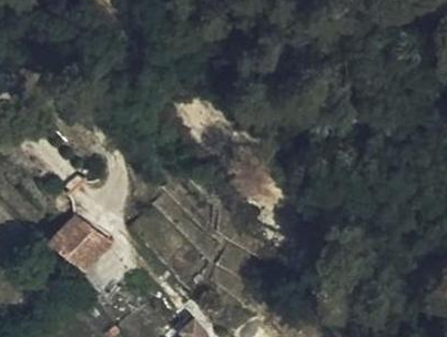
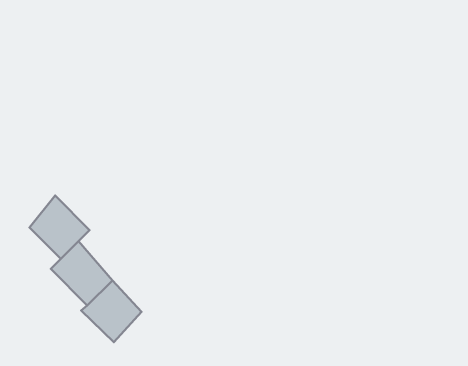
building: none -> [29,196,90,259]

